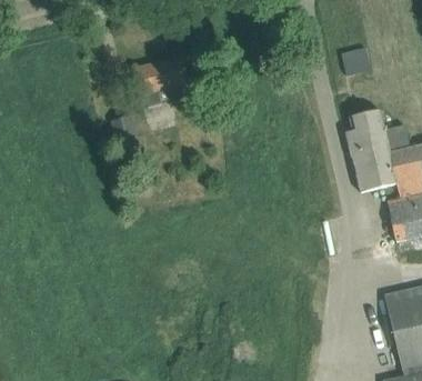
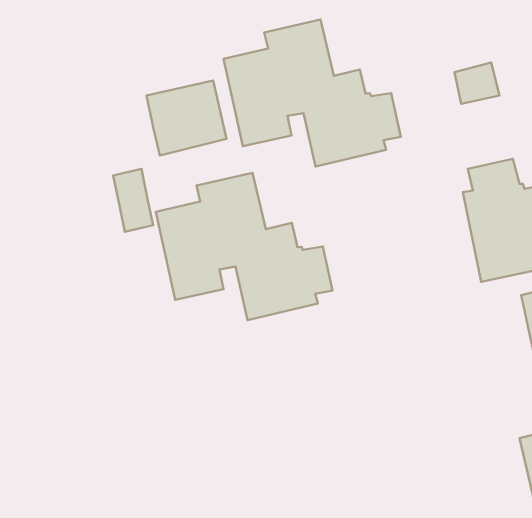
building: none -> [224,20,401,166]
building: none -> [156,173,332,320]

